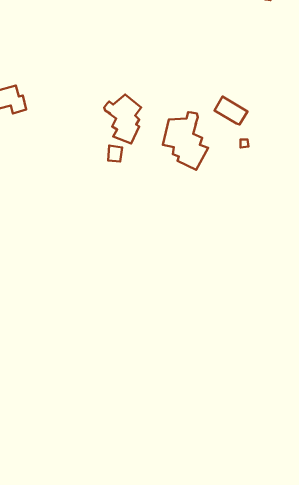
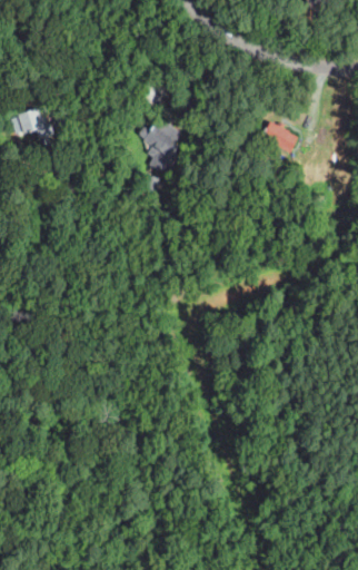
building: [163,112,208,170] -> none

